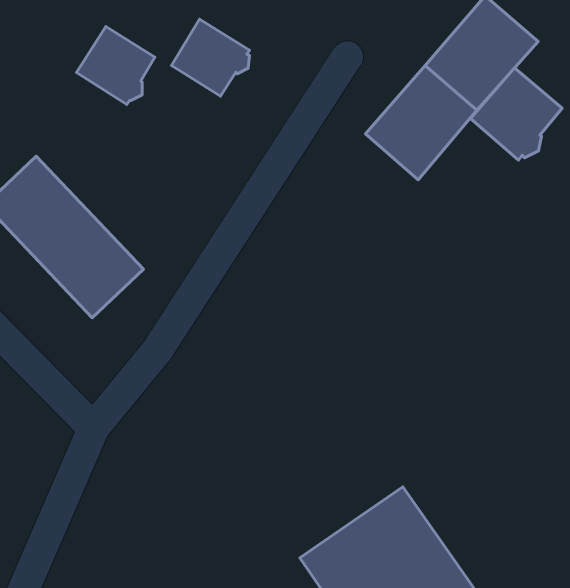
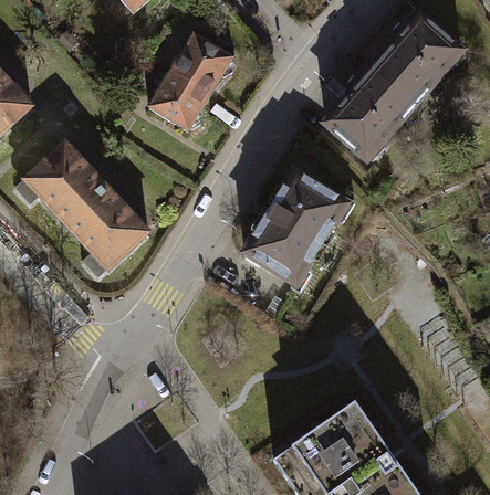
building: [77,27,155,105] -> [148,70,210,131]
building: [470,68,562,160] -> none
building: none -> [243,171,346,285]

